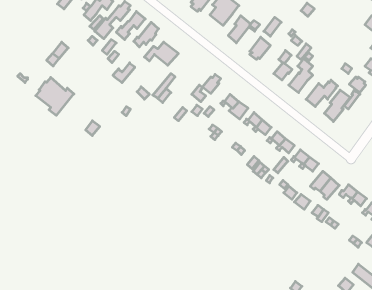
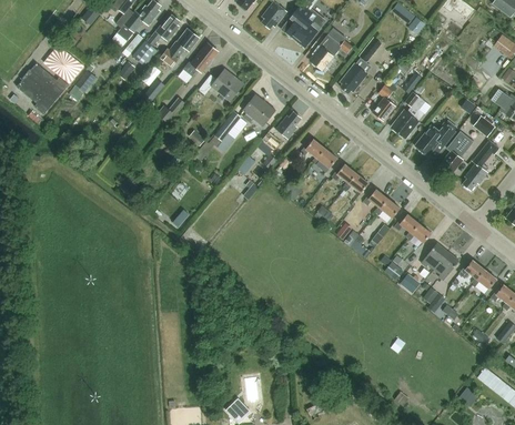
building: none -> [243,93,276,125]
building: [36,77,74,115] -> [17,62,68,113]
building: none -> [463,141,498,190]

